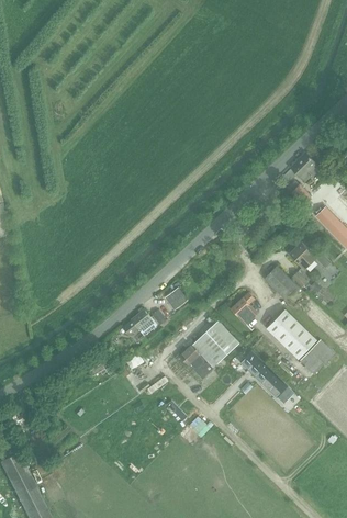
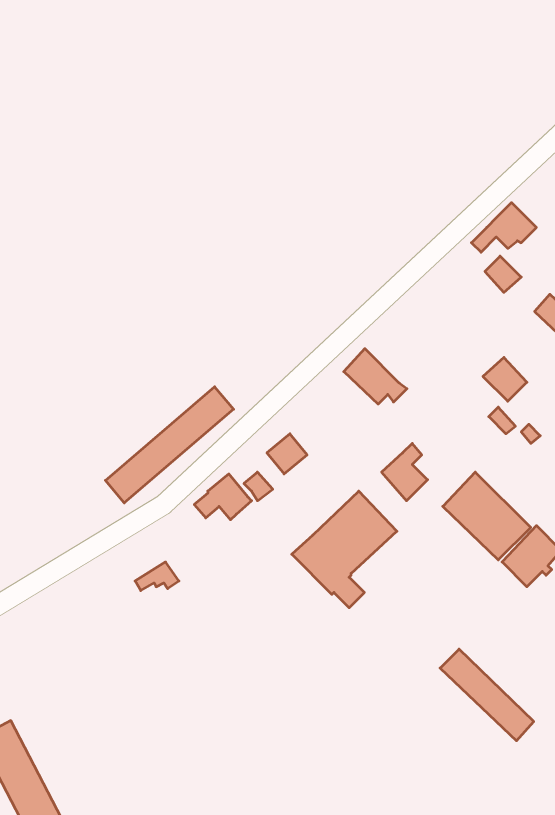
building: none -> [105,387,234,503]
building: [264,264,300,296] -> [344,349,407,404]
building: [239,350,293,403] -> [440,649,534,741]

